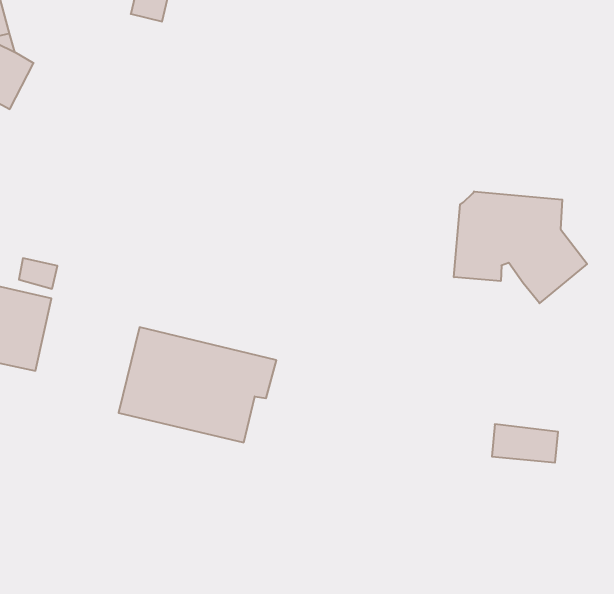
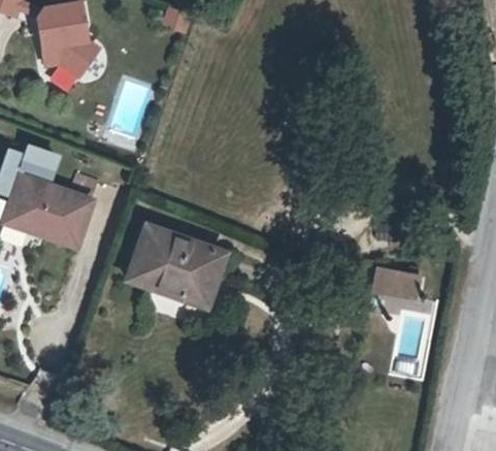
building: [454,191,587,303] -> none
building: [492,424,558,463] -> [376,267,421,296]

